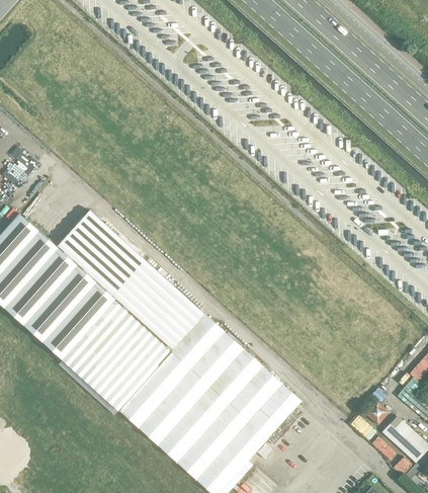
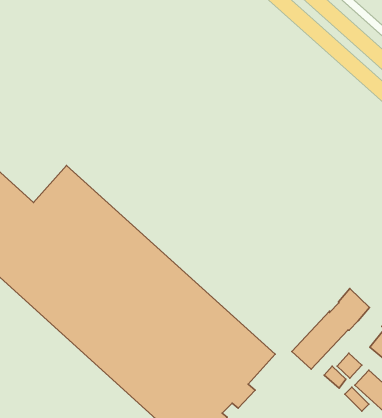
building: none -> [292,288,369,369]

